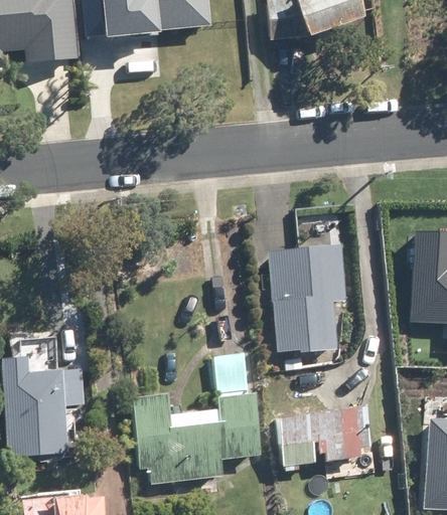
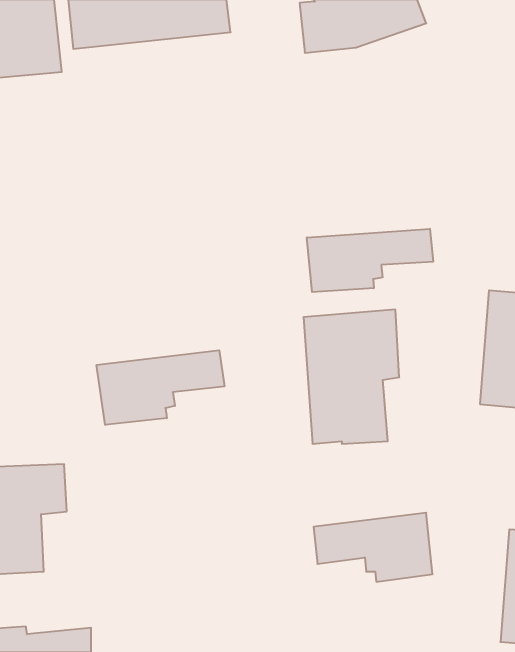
building: none -> [307,229,433,292]
building: none -> [97,350,224,425]
building: [132,392,260,483] -> none

